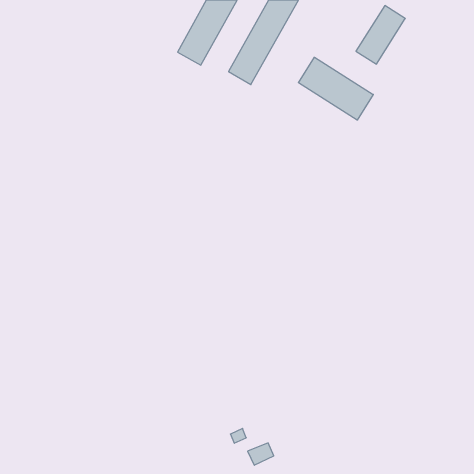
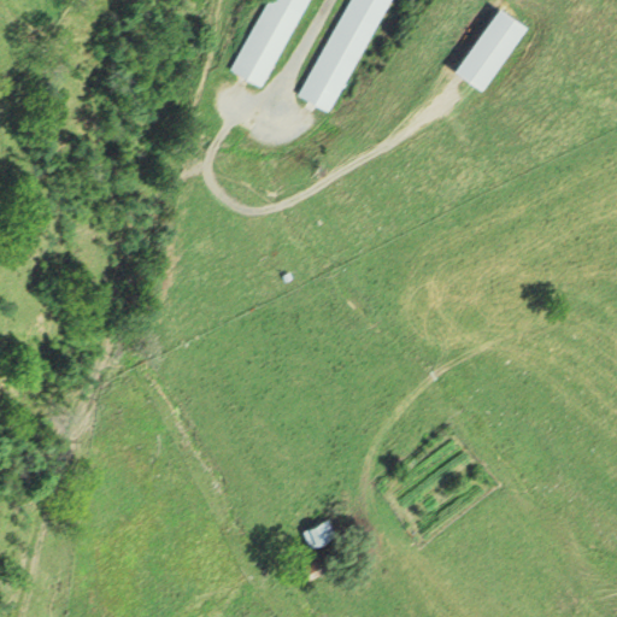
building: [298,57,373,120] -> none
building: [248,443,274,465] -> [300,519,334,548]

